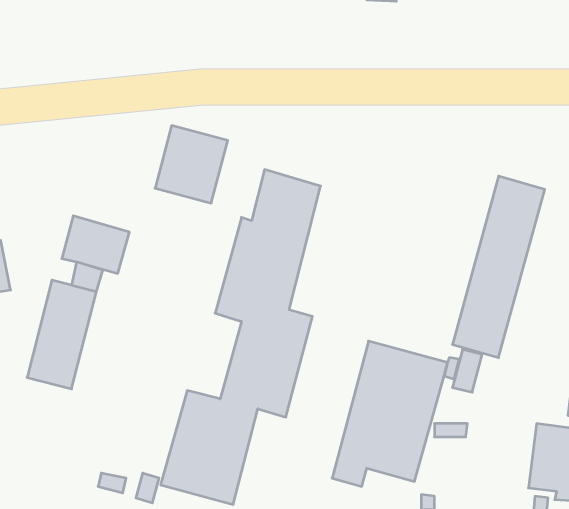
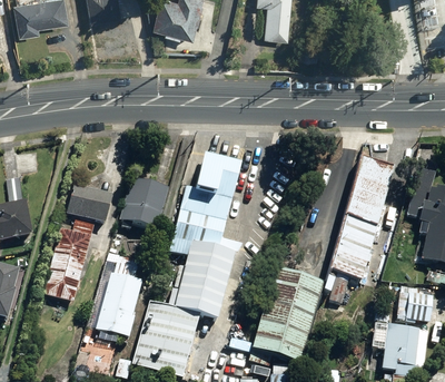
building: [155,126,228,203] -> [119,176,168,228]
building: none -> [96,261,141,336]

